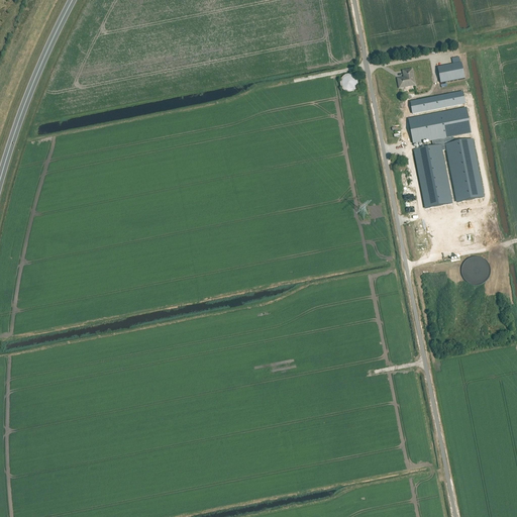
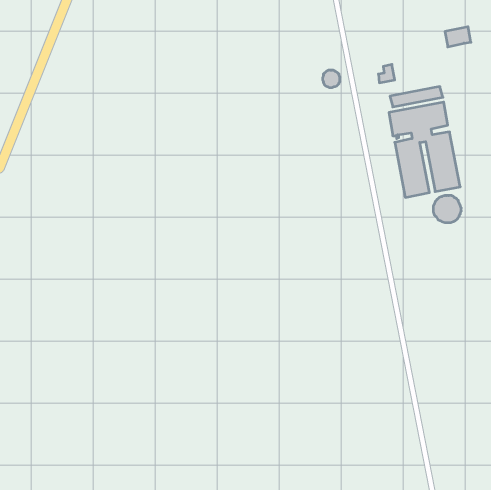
building: [436,62,463,83] -> [445,27,471,47]
building: [460,255,490,284] -> [433,196,461,223]

